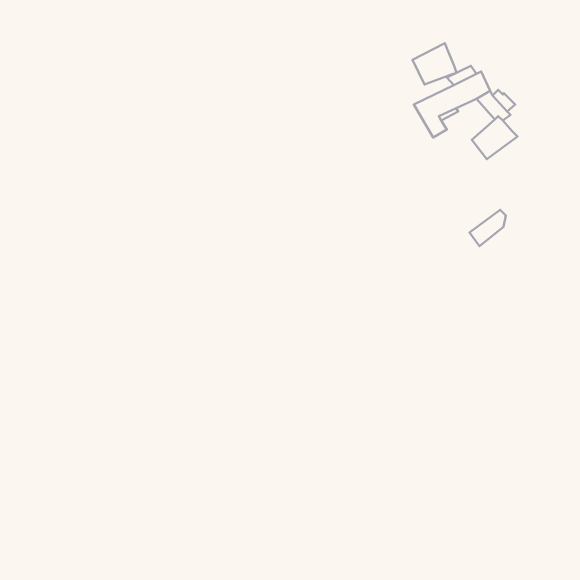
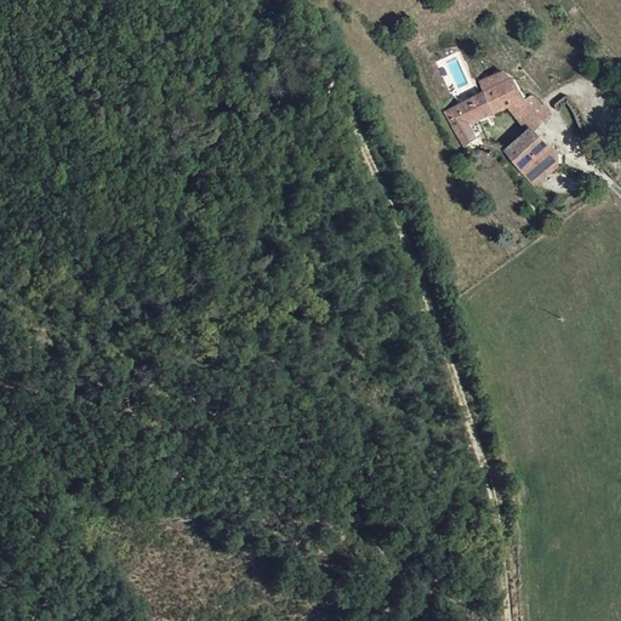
building: [412,43,456,85] -> none
building: [469,210,506,246] -> [519,146,558,184]

